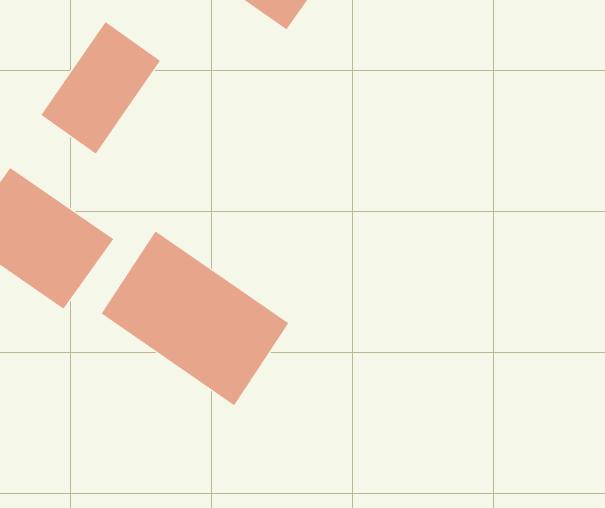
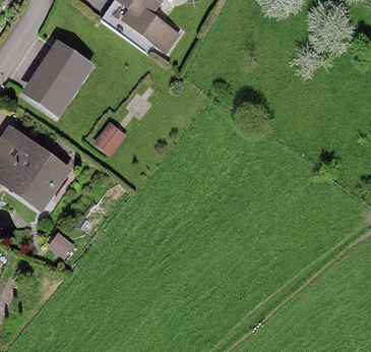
building: [101,231,289,406] -> none

